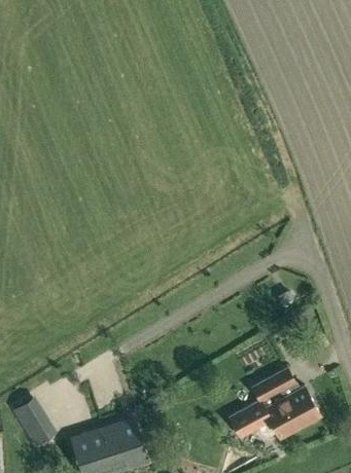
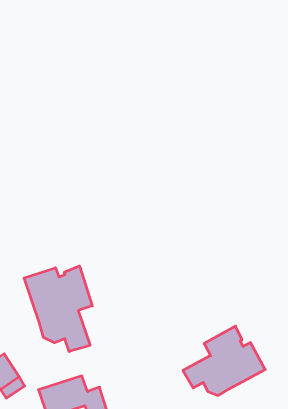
building: none -> [24,266,92,352]

